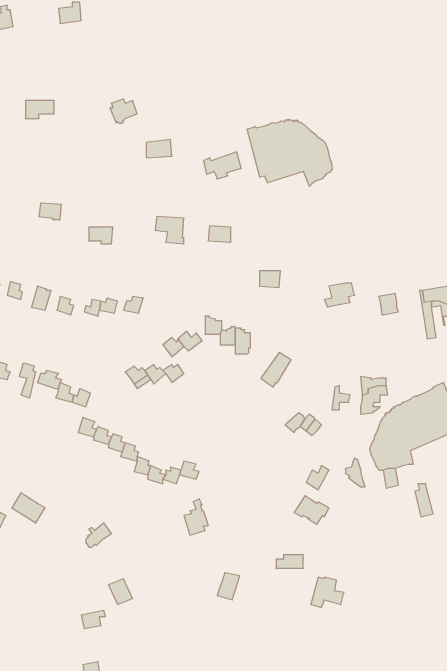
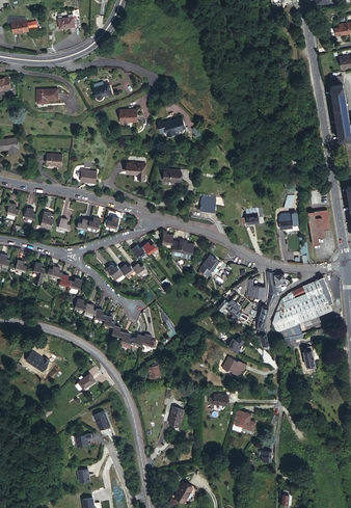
building: [247,119,332,186] -> none

